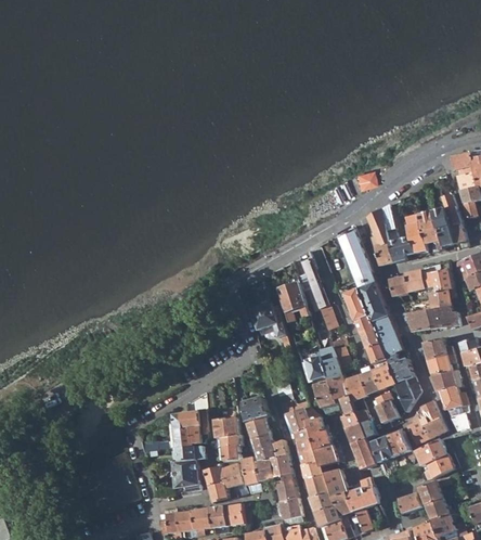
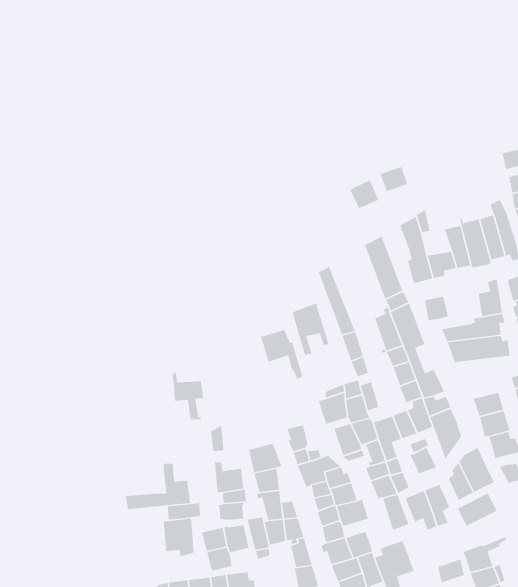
building: [403,270,433,293] -> none
building: [422,337,453,360] -> none
building: [179,403,206,443] -> [171,371,204,420]
building: [421,453,454,479] -> none

